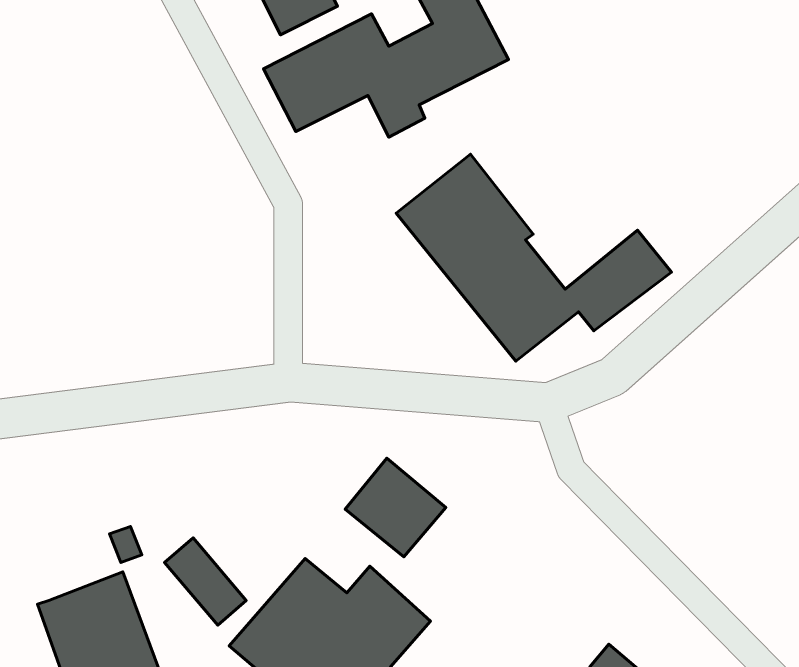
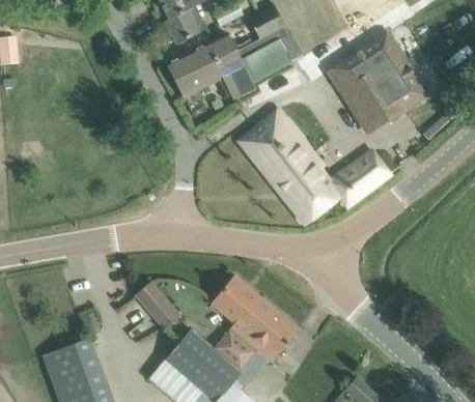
building: none -> [330,33,427,133]
building: none -> [243,303,298,357]
building: [165,538,246,625] -> [135,282,179,329]

